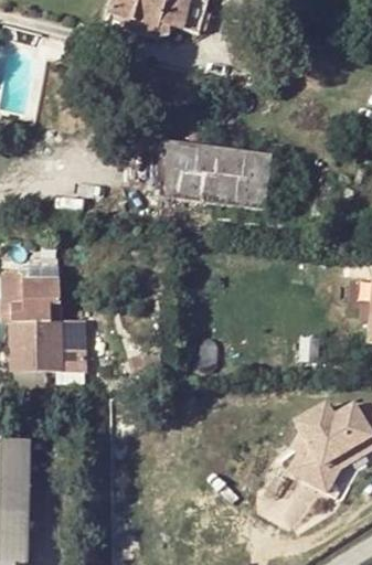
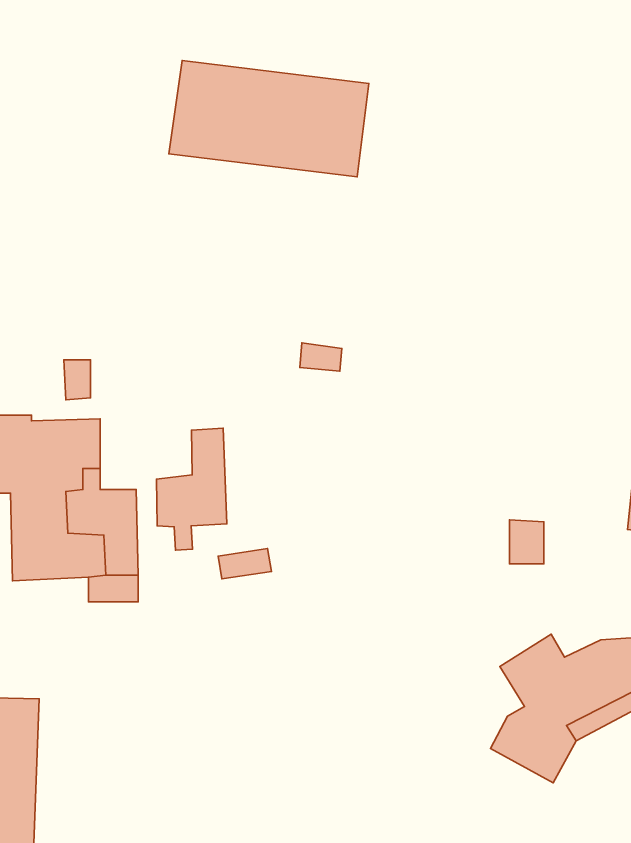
building: [157,139,273,206] -> [169,61,369,177]
building: none -> [157,428,227,550]

